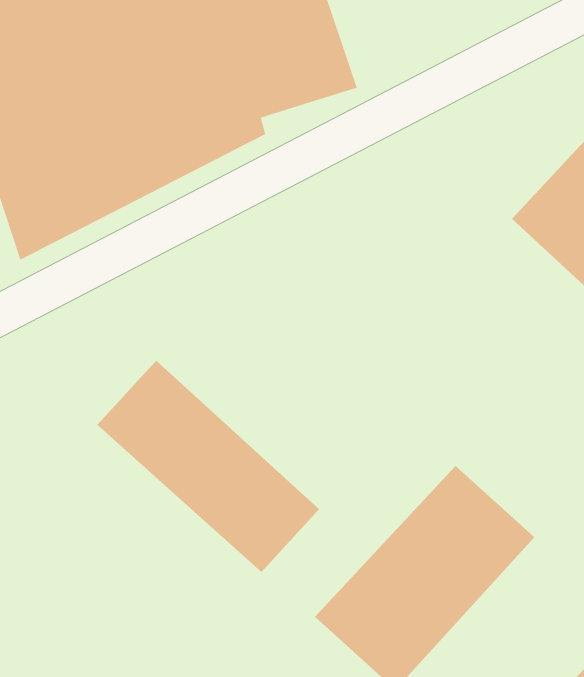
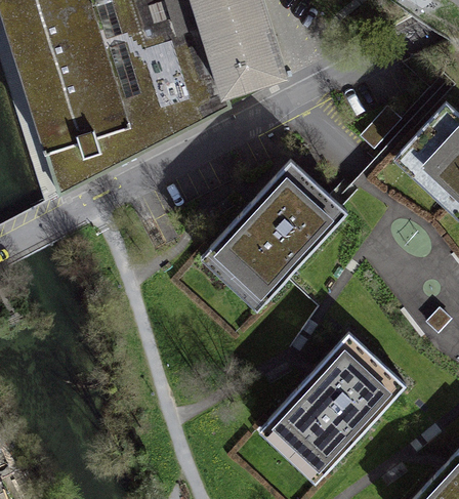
building: none -> [196,161,347,319]
building: [96,360,320,573] -> none

